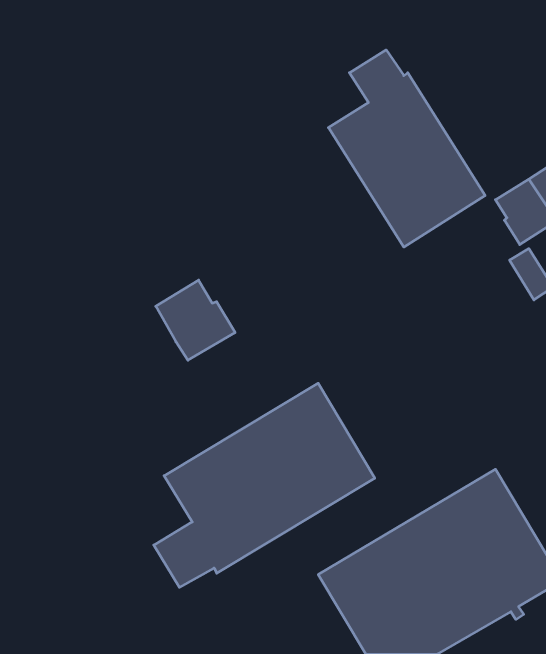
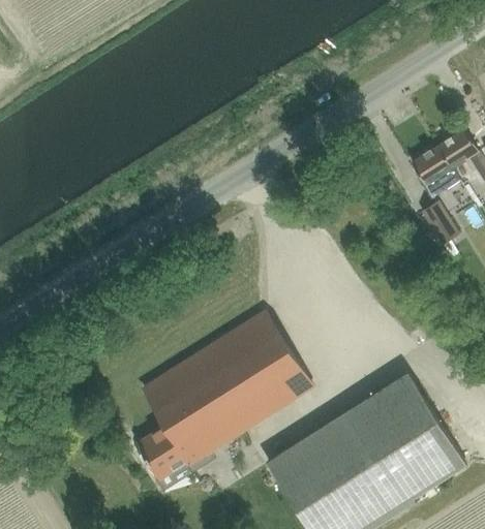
building: [328,50,485,247] -> none
building: [156,280,235,360] -> none

